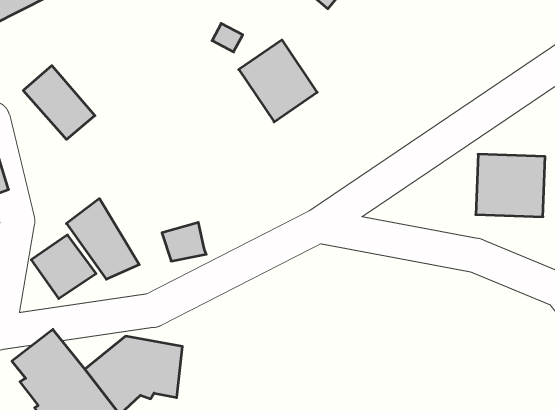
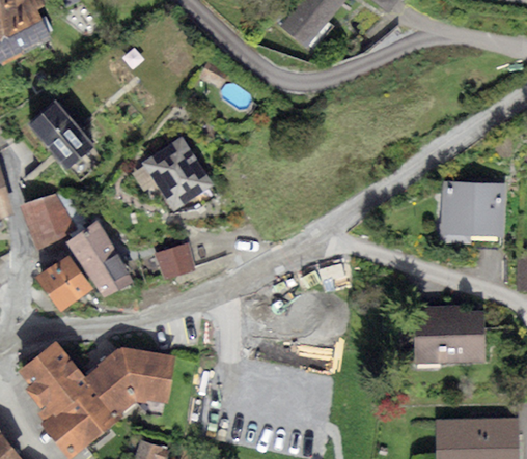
building: [239,40,317,122] -> [141,136,213,210]
building: none -> [20,190,85,250]
building: none -> [413,306,483,363]

